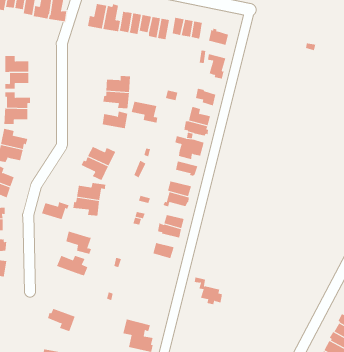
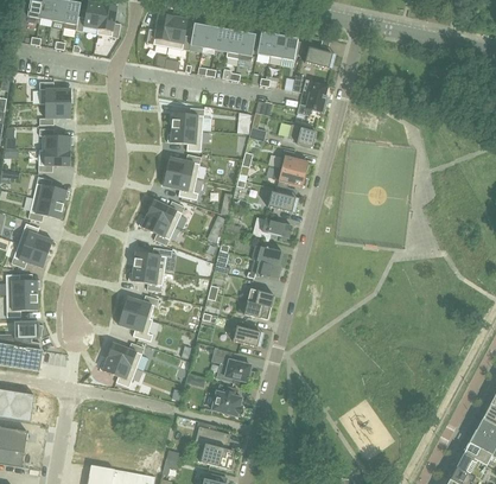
building: [131,101,158,123] -> [163,171,198,199]
building: [41,202,69,220] -> [122,294,159,318]
building: [194,277,223,305] -> [216,348,254,384]
building: none -> [211,384,244,415]
building: [47,308,75,332] -> [100,356,136,387]

